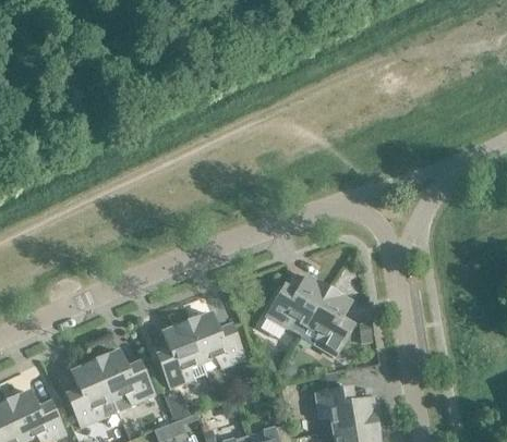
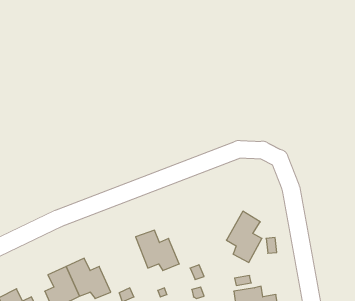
building: [265,274,327,327] -> none
building: [155,321,202,386] -> none

